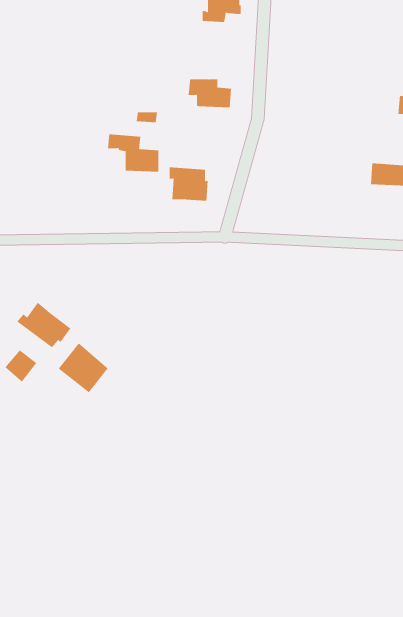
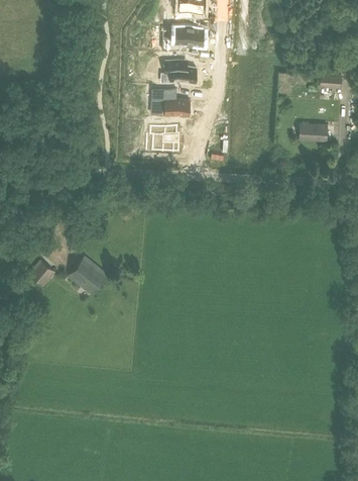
building: none -> [162,27,203,51]
building: [107,134,159,172] -> [151,88,190,116]
building: [16,302,71,348] -> none

